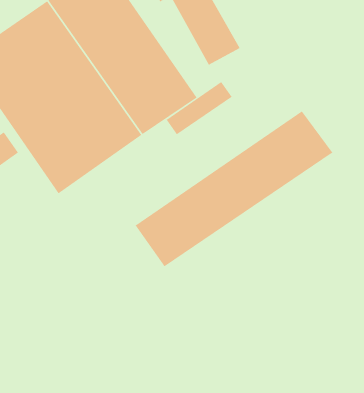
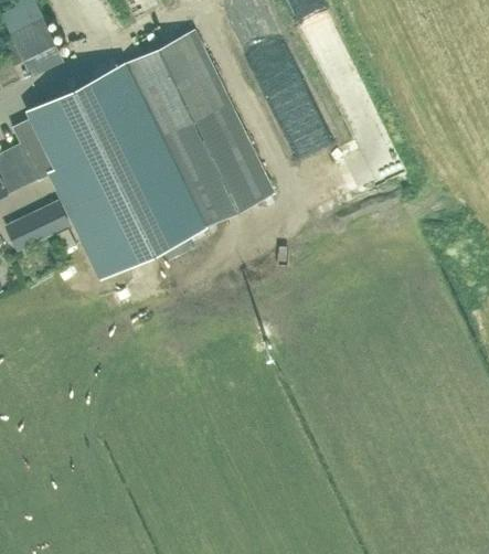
building: [166,81,233,135] -> none
building: [135,111,333,267] -> none

